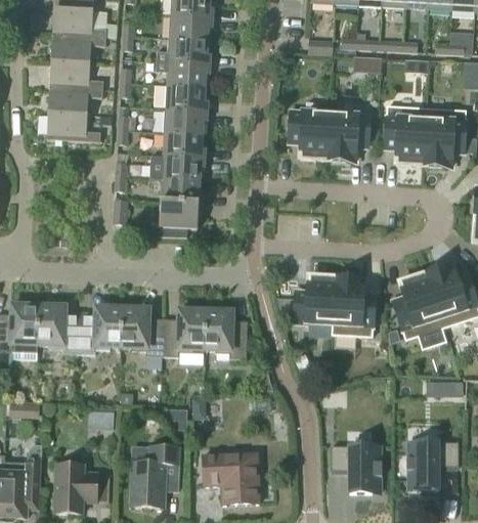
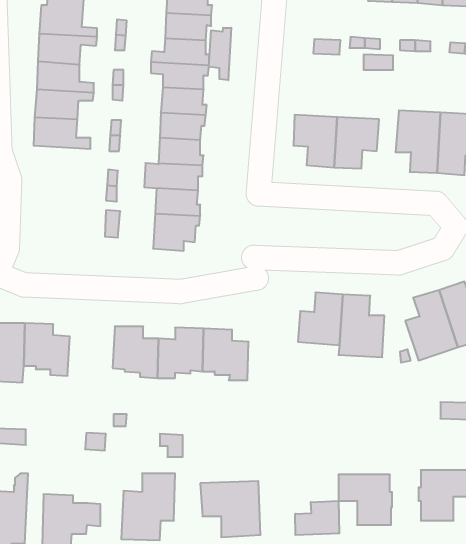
building: none -> [209,28,231,80]
building: [78,306,122,353] -> none
building: none -> [295,501,339,535]

